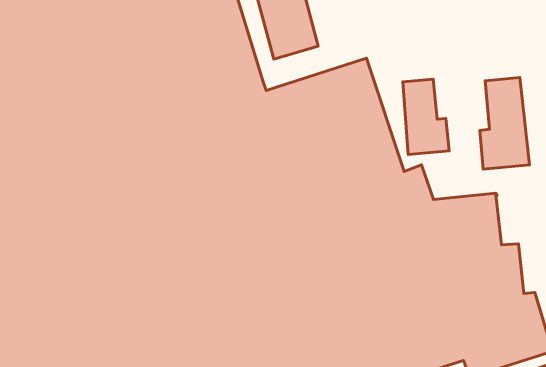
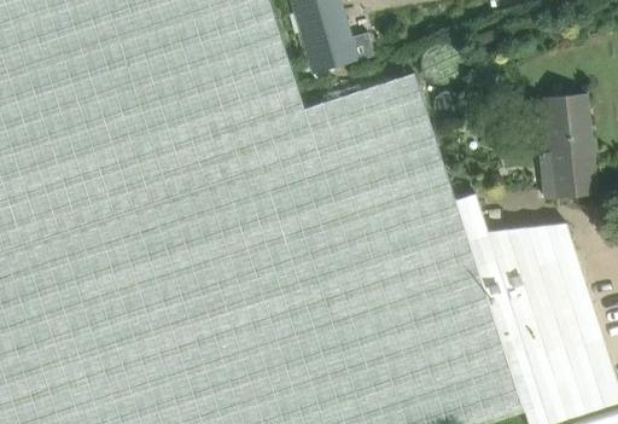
building: [403,79,449,155] -> none

